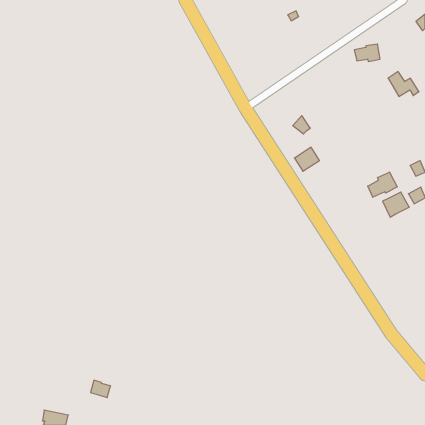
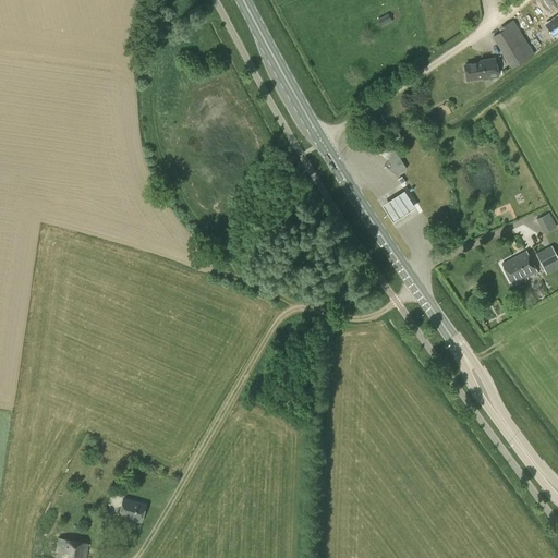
building: [388,72,419,96] -> [494,28,534,61]
building: [368,172,397,197] -> none

